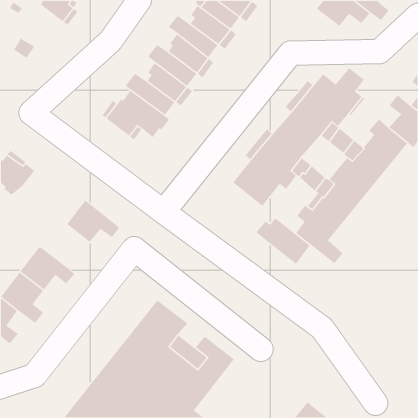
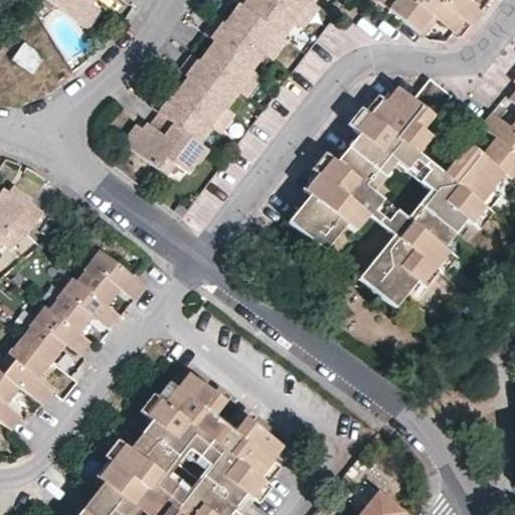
building: [255,217,311,265] -> none
building: none -> [52,273,122,329]

